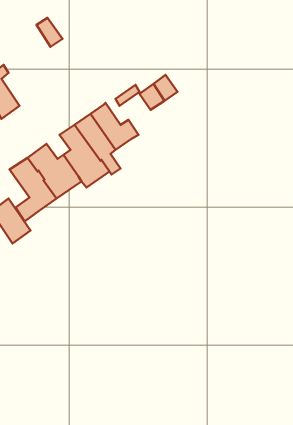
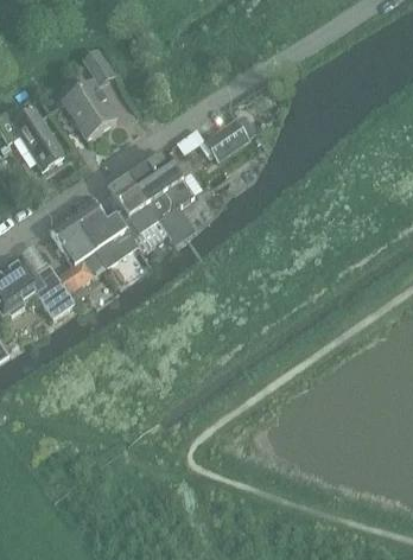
building: none -> [63,83,116,138]

